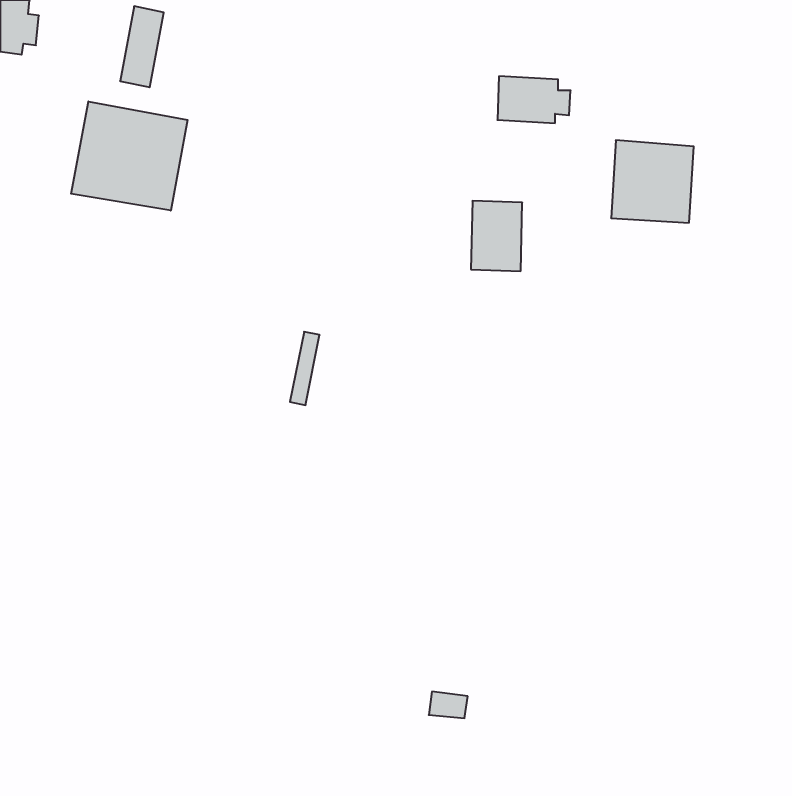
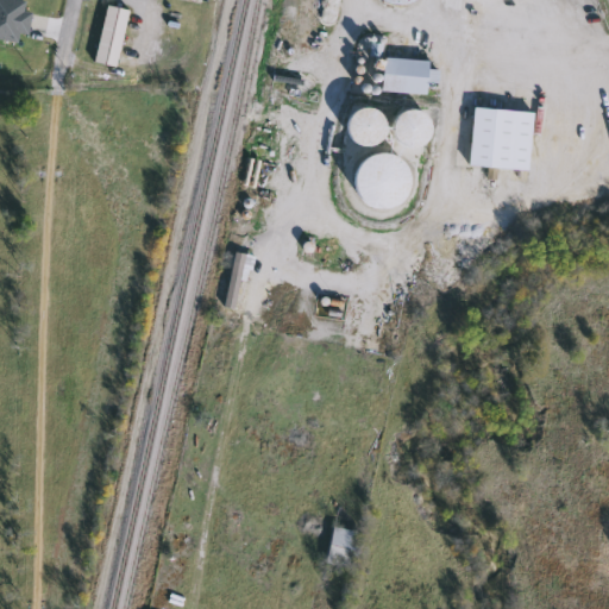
building: [71,101,188,211] -> none
building: none -> [347,106,388,147]
building: none -> [390,106,434,150]

